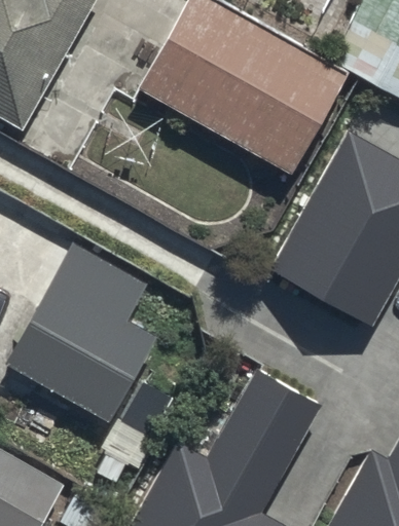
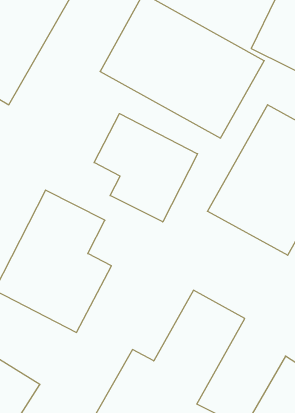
building: none -> [94,114,198,222]

